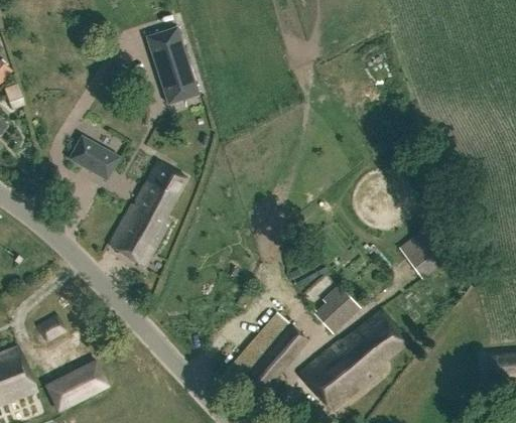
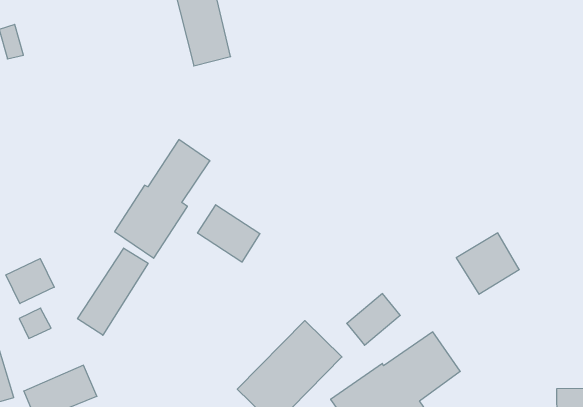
building: [68,135,119,179] -> none
building: none -> [198,205,260,262]
building: none -> [78,248,148,335]
building: none -> [6,259,54,304]

